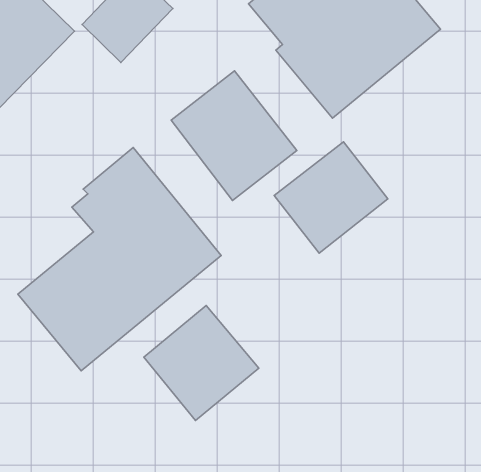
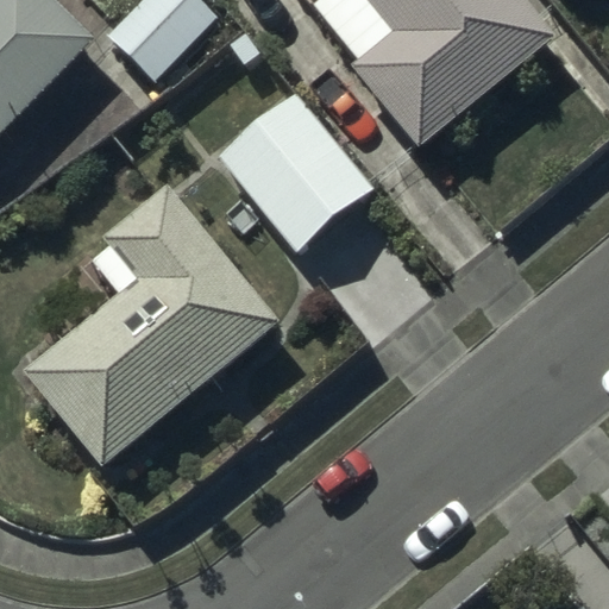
building: [274,142,388,253] -> none
building: [144,306,259,421] -> none

